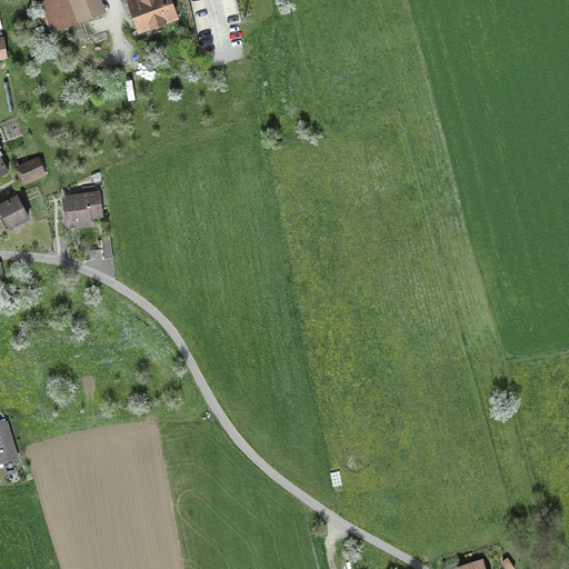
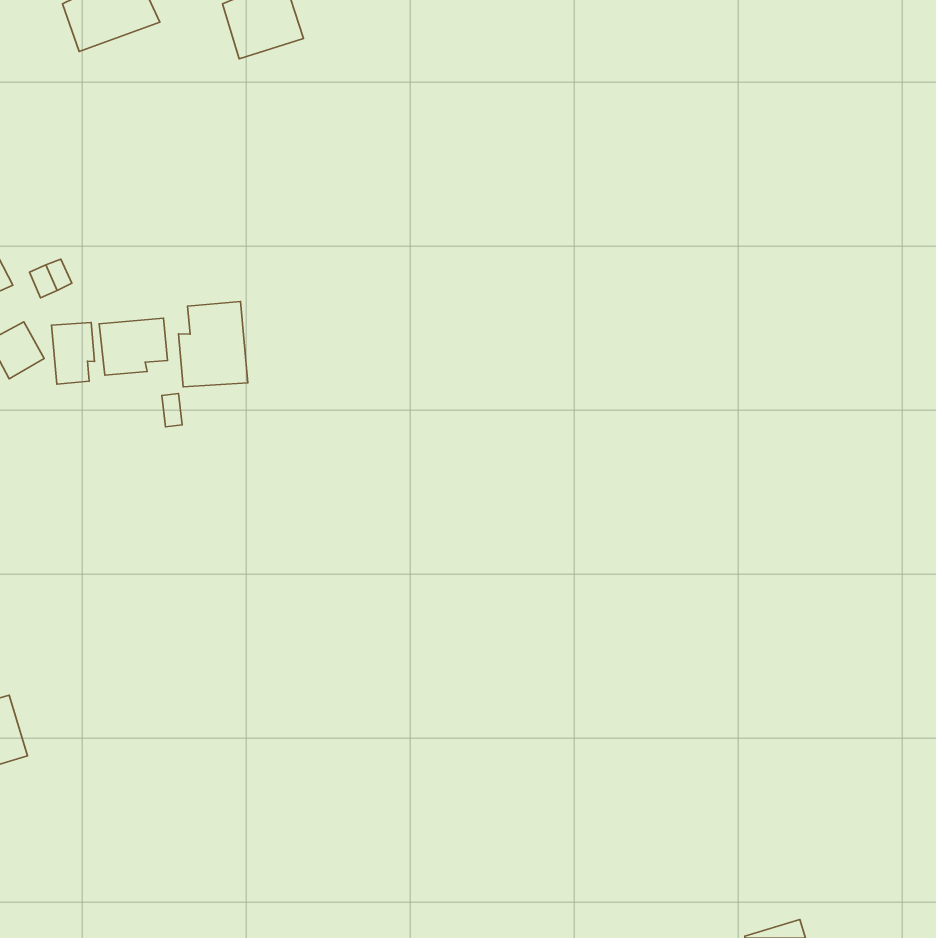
building: none -> [178,302,248,387]
building: none -> [52,323,95,384]

